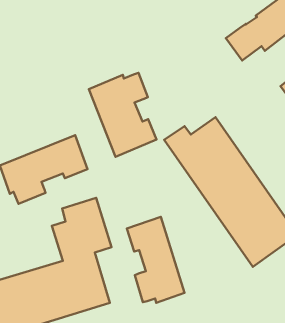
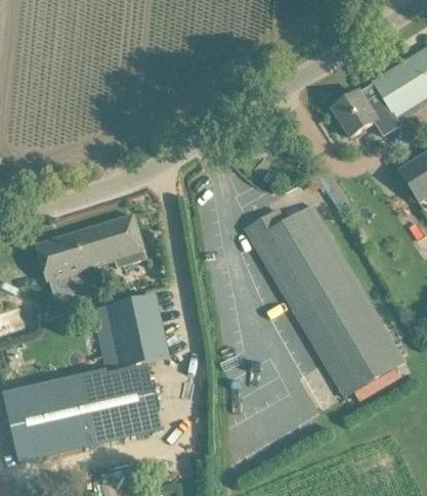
building: [89,73,156,157] -> none
building: [127,217,184,303] -> none

